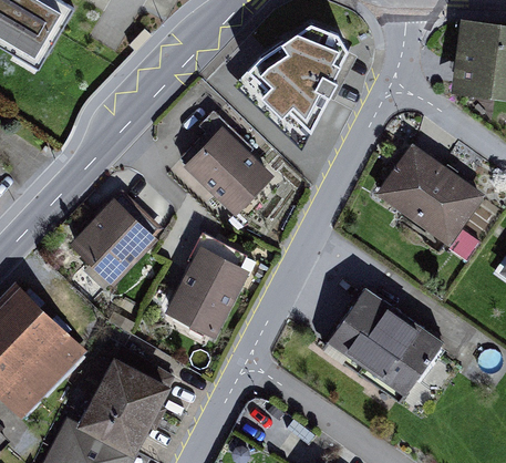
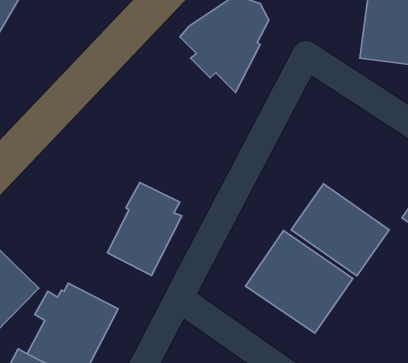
building: [179,112,273,217] -> none
building: [374,144,485,248] -> [291,184,389,276]
building: [70,192,162,287] -> none

